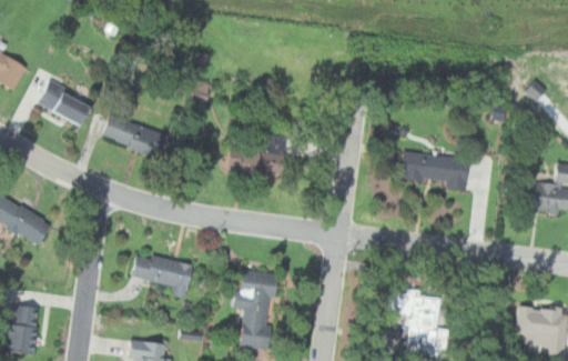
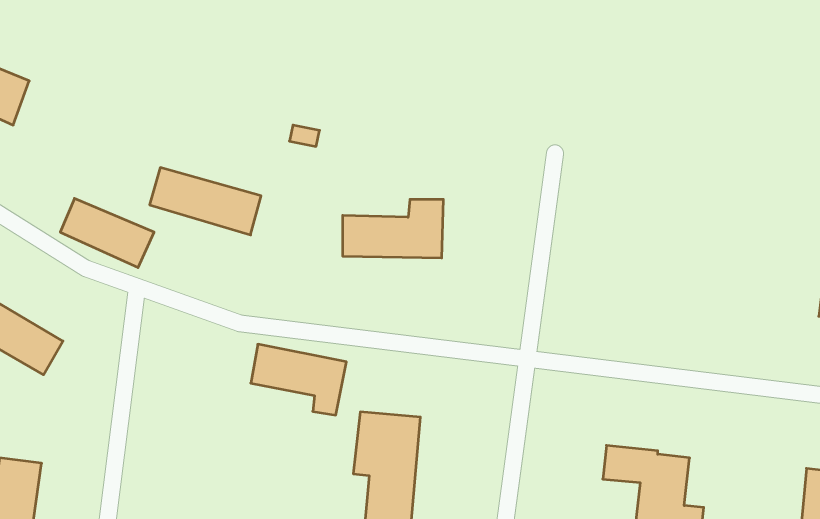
building: [40,83,99,127] -> [60,198,154,268]
building: [402,153,469,189] -> none
building: [132,253,192,298] -> [251,344,346,415]

